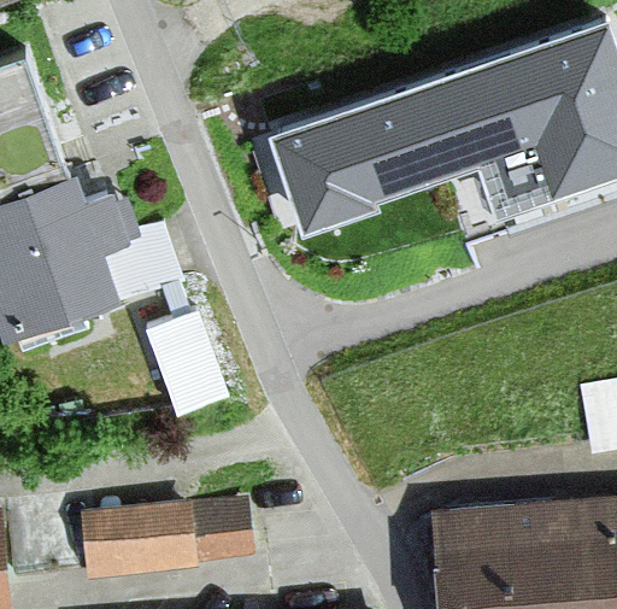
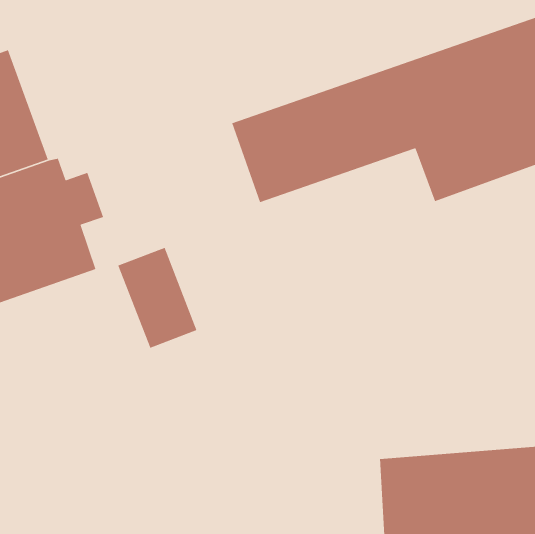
building: [81,502,254,575] -> none

